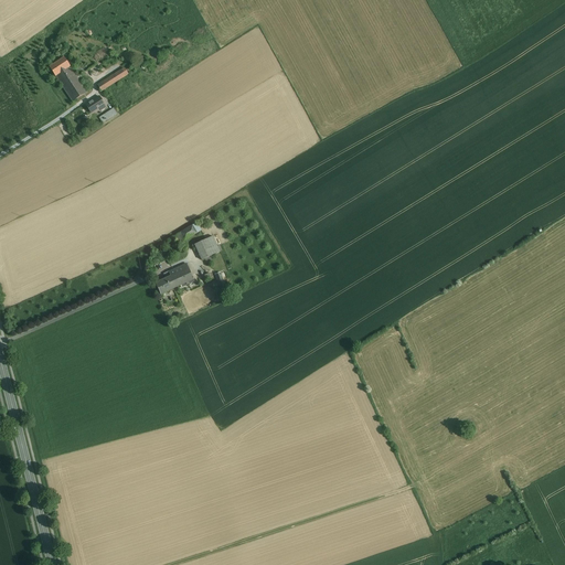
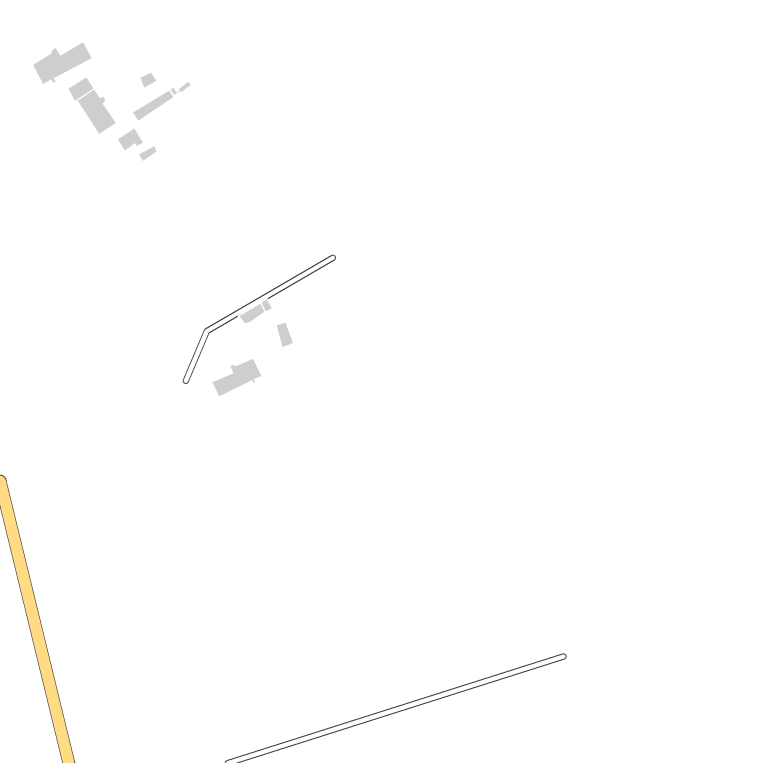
building: none -> [32,41,92,85]

